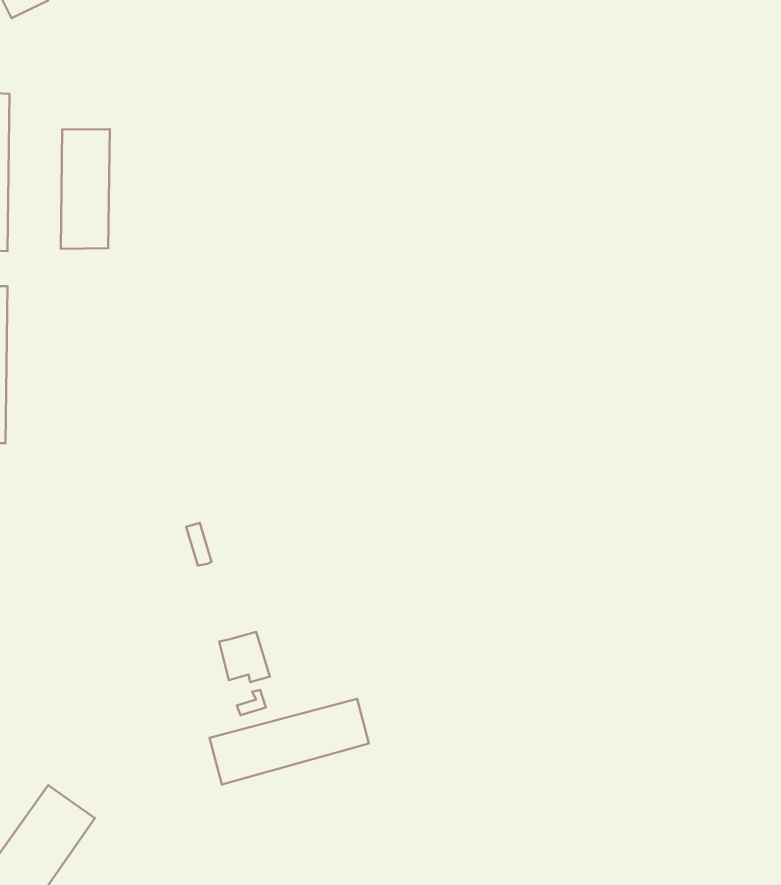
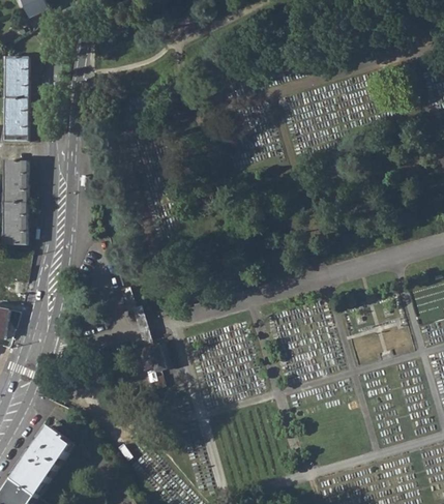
building: [61,129,110,249] -> none
building: [210,699,369,785] -> none

